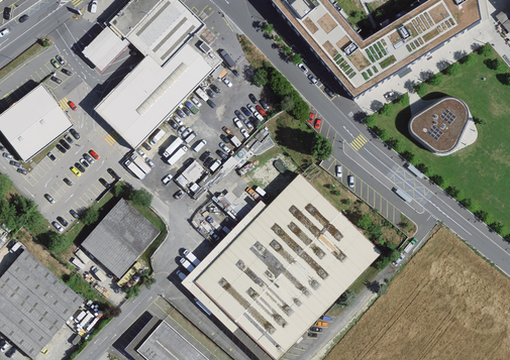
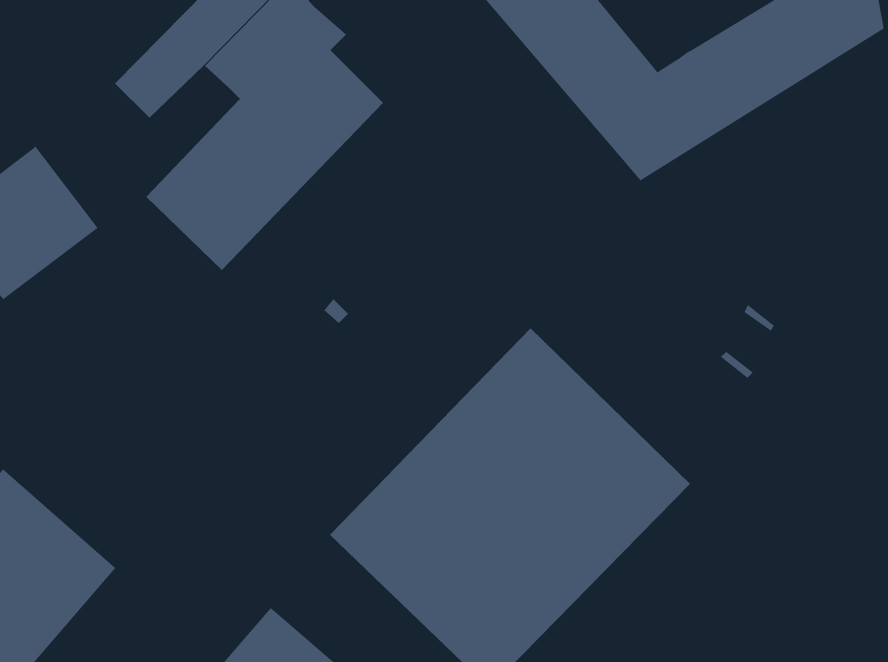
building: [406,94,468,152] -> none
building: [80,199,158,277] -> none

